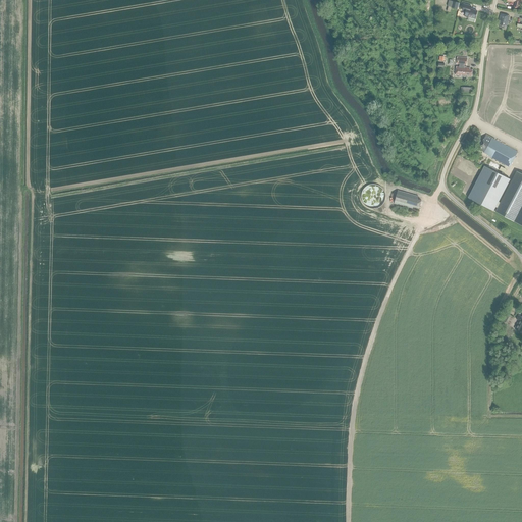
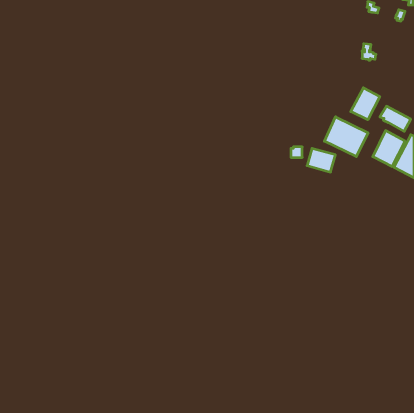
building: none -> [351,88,380,120]
building: none -> [324,117,368,157]

